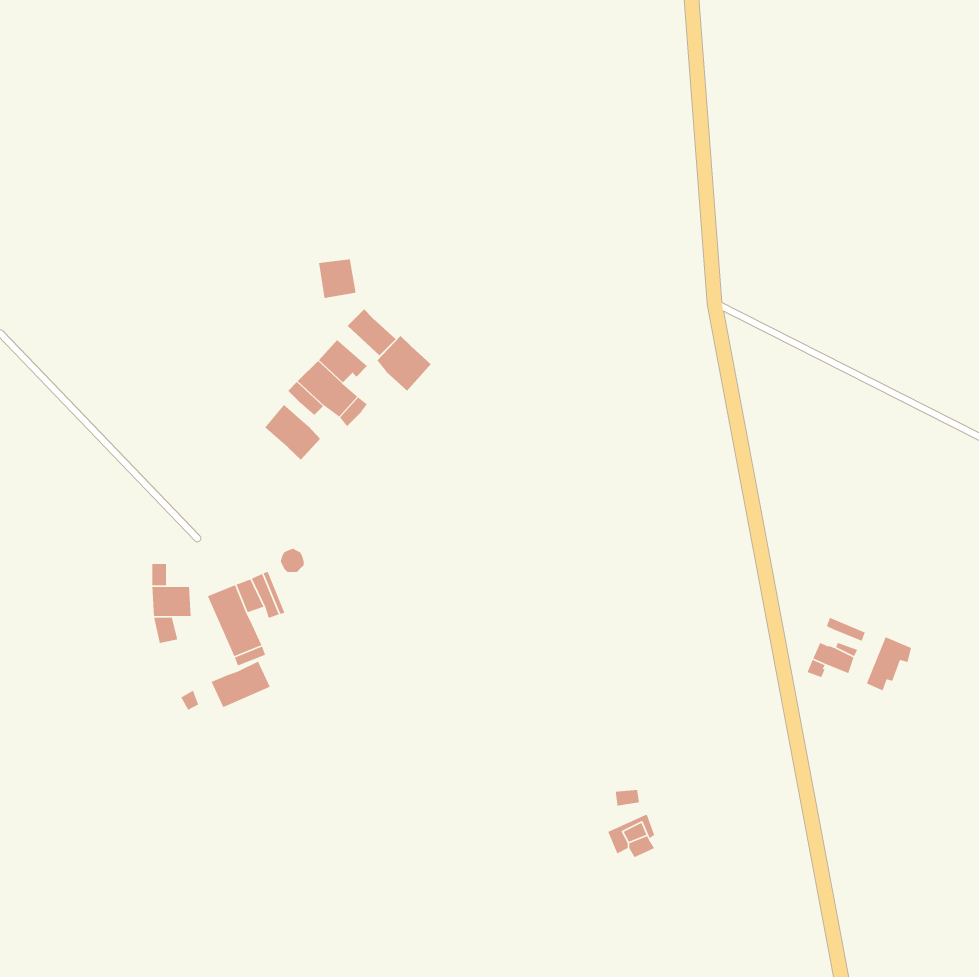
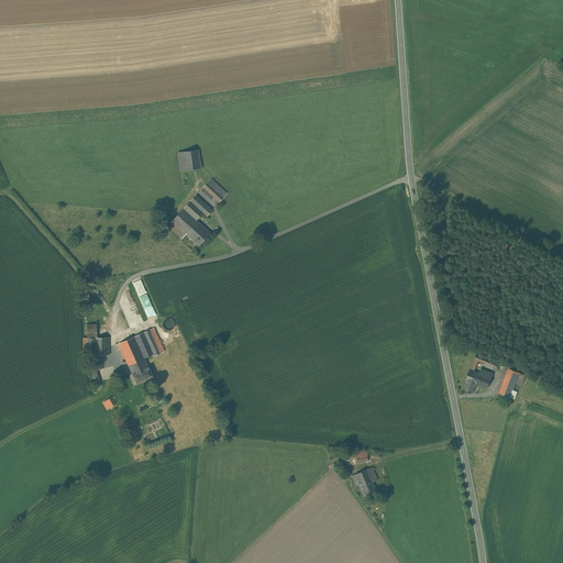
building: [377,335,431,391] -> none
building: [264,404,321,461] -> none
building: [211,661,271,708] -> none

